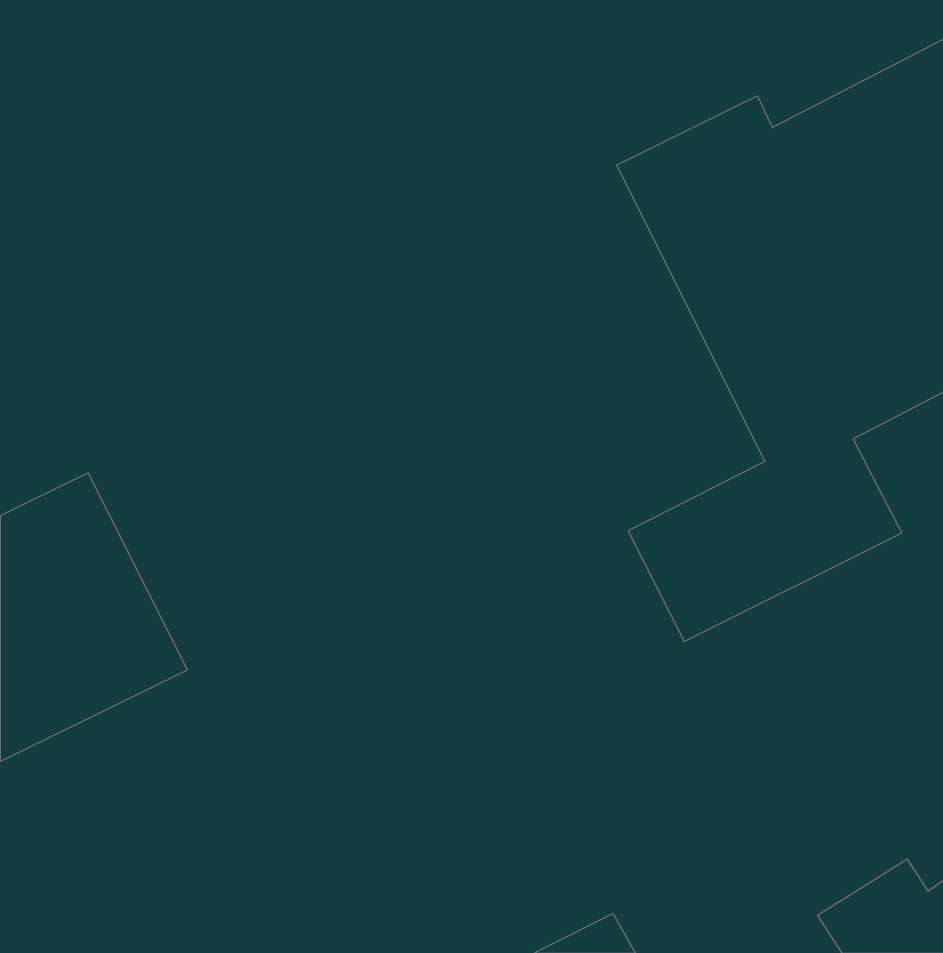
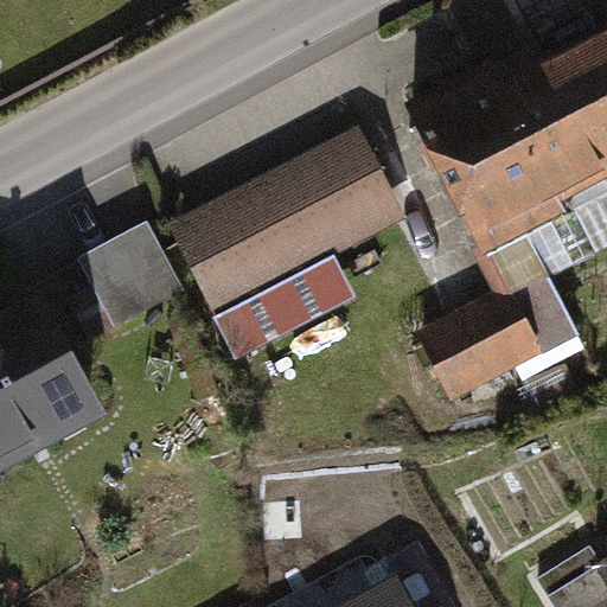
building: none -> [167,126,404,357]
building: none -> [76,222,185,327]

